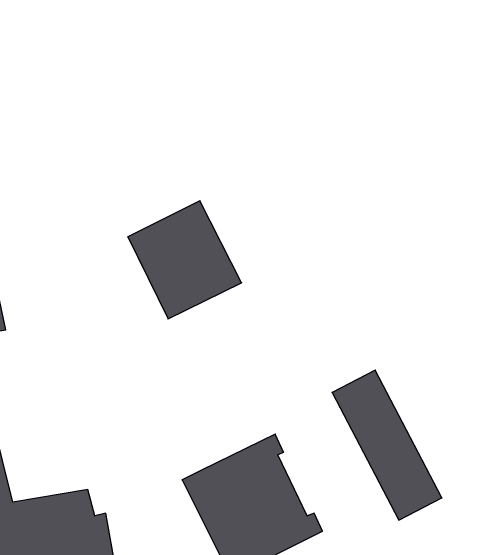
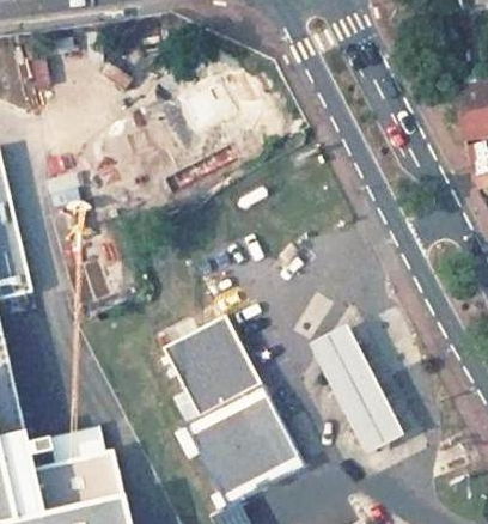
building: [128,201,242,319] -> [163,310,261,412]

